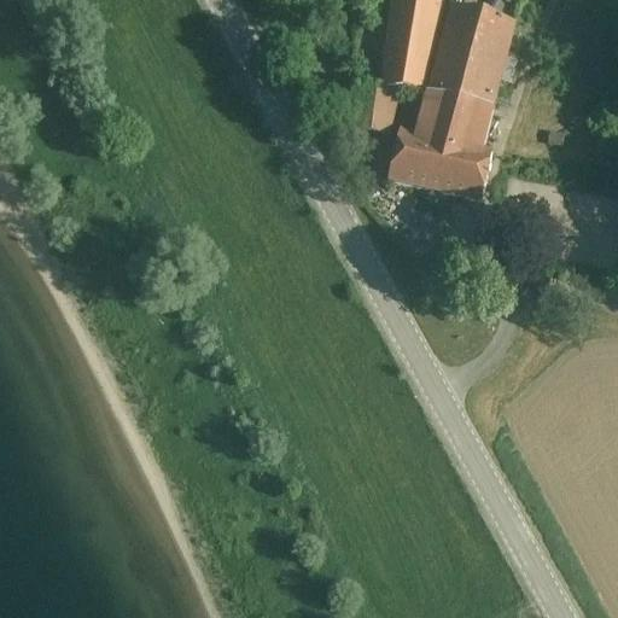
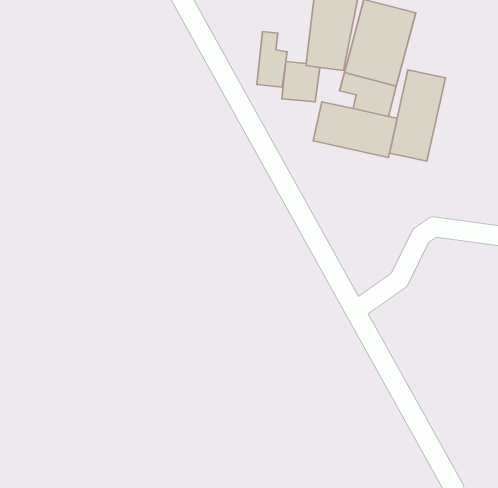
building: none -> [257,31,287,87]
building: none -> [390,70,445,161]

